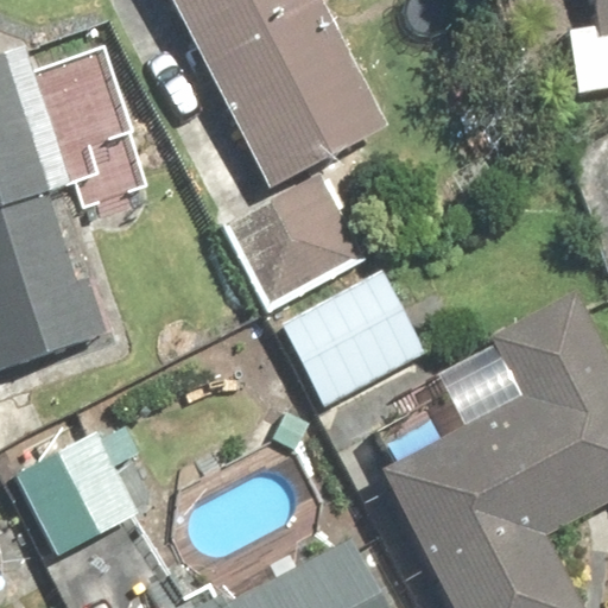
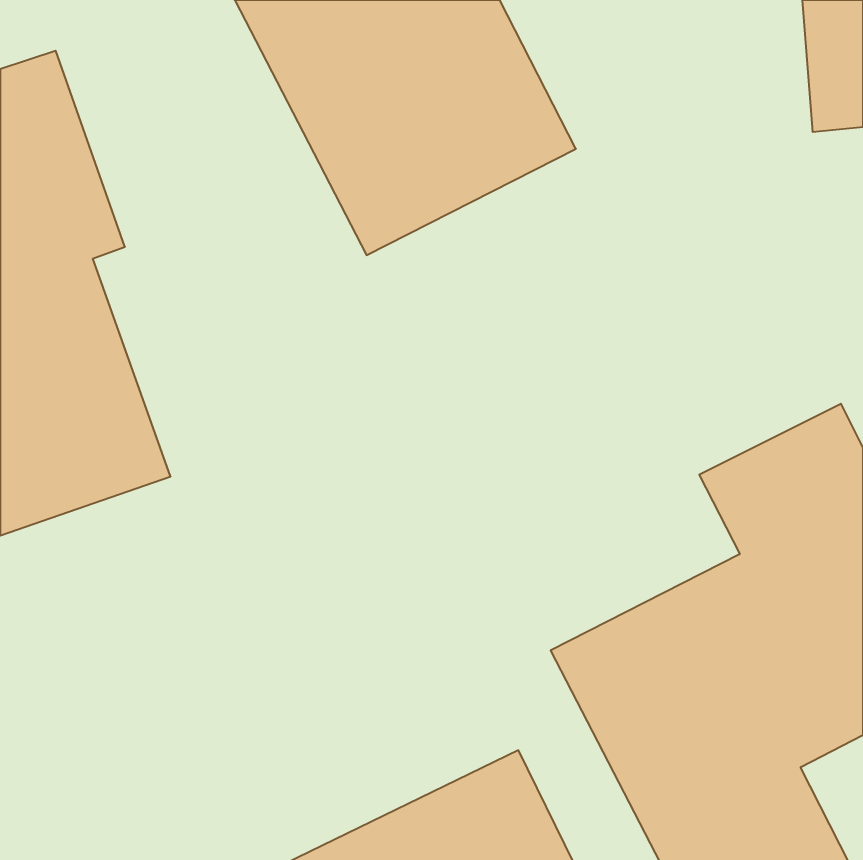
building: [232,179,422,411] -> none
building: [11,429,132,547] -> none

